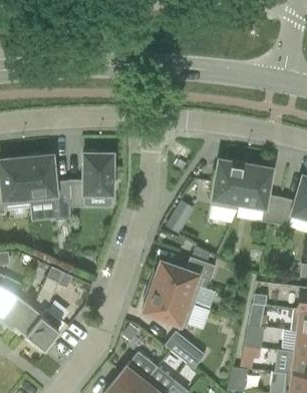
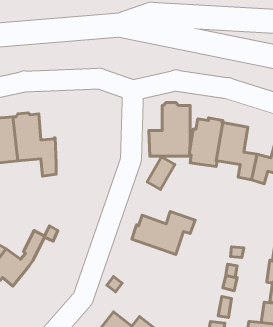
building: [69,150,112,207] -> [149,103,190,156]
building: [142,286,196,327] -> none
building: [25,308,64,351] -> none
building: [165,331,206,369] -> none

